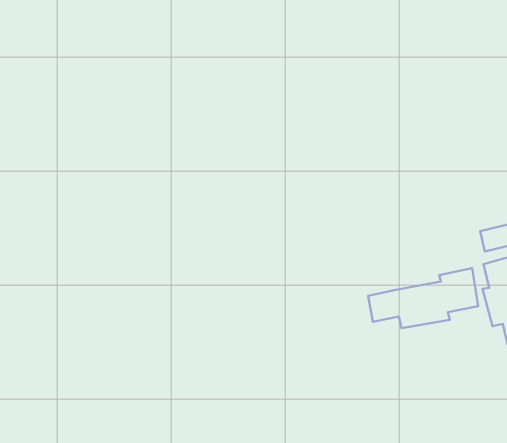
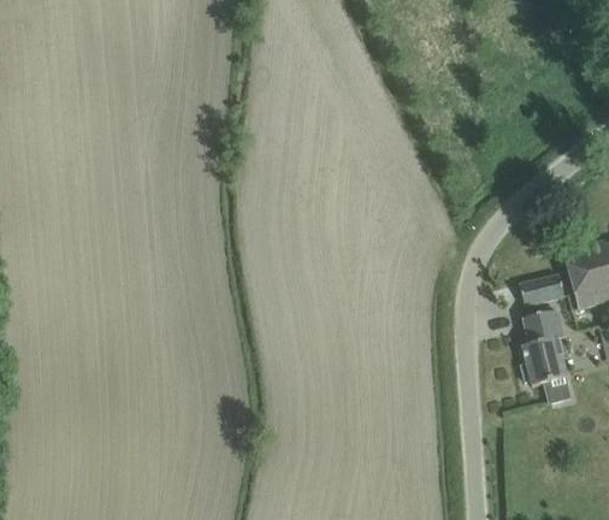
building: [368,268,478,328] -> none

